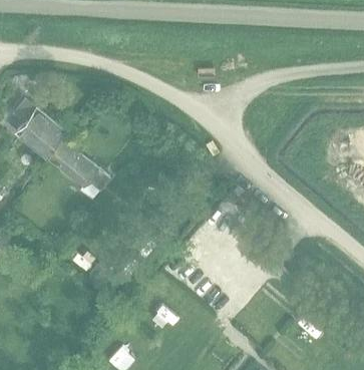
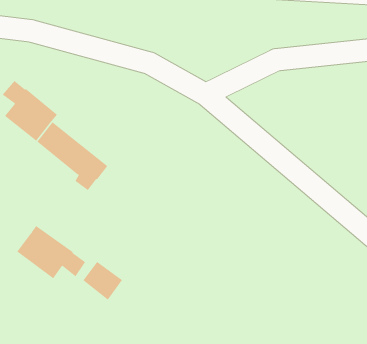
building: none -> [16,225,86,279]

